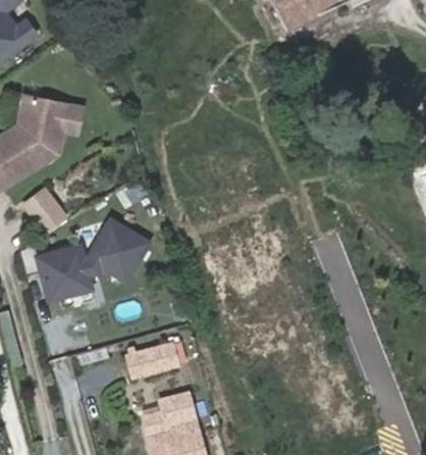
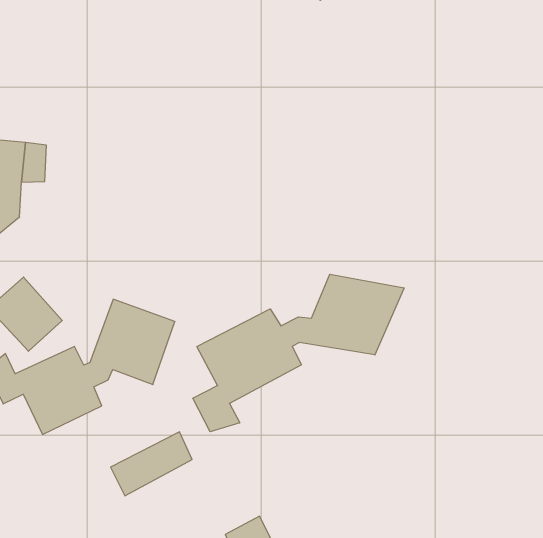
building: none -> [193,274,404,432]
building: [128,341,182,376] -> [111,432,192,496]

